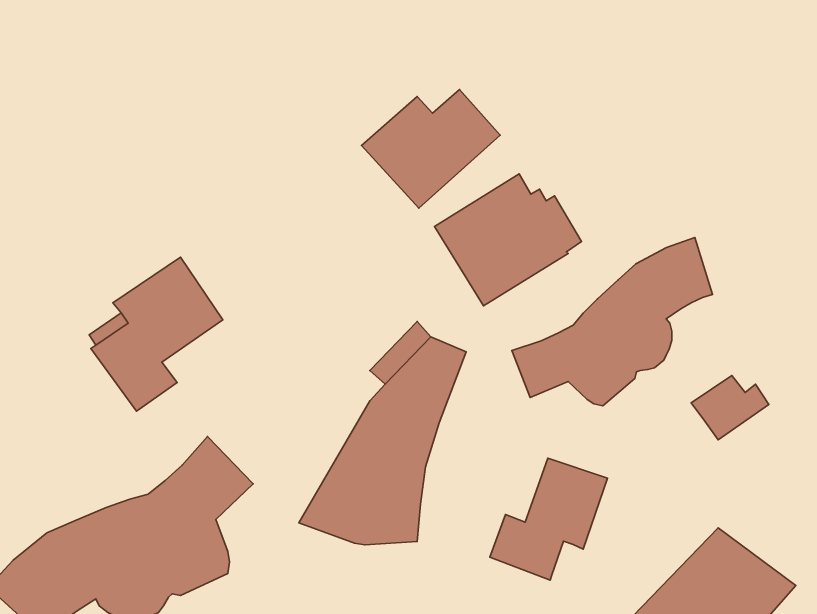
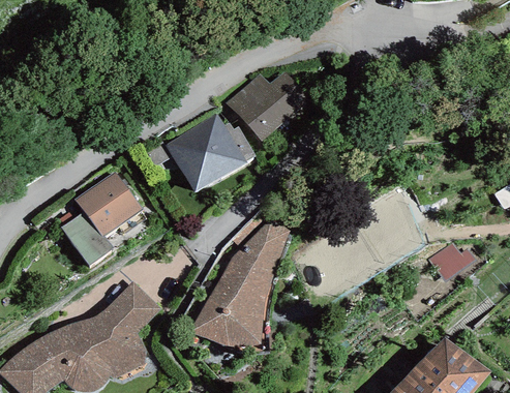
building: [435,174,582,306] -> [166,113,256,193]
building: [512,237,713,406] -> none
building: [490,458,607,580] -> none

